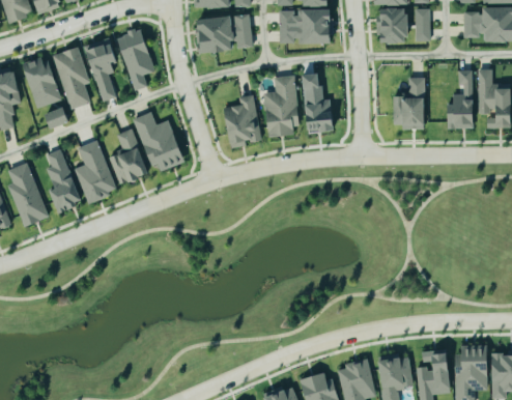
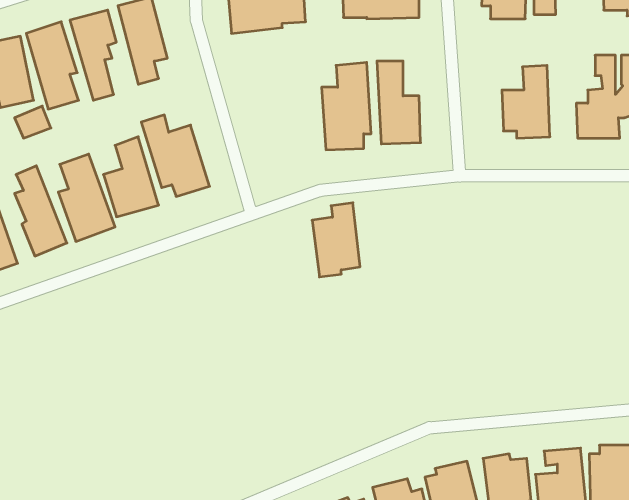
building: [225,95,259,148] -> [312,203,360,277]

